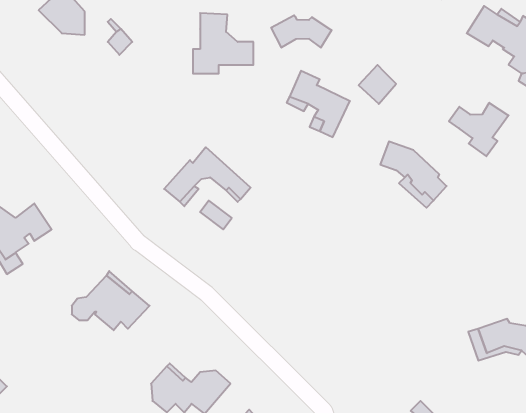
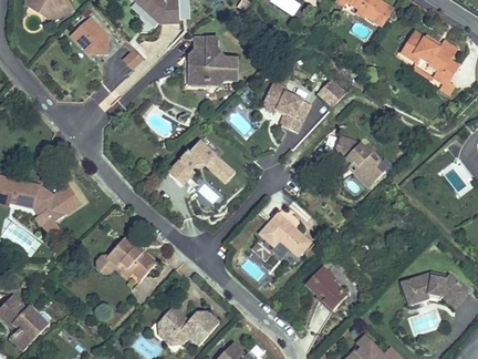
building: [271,15,332,48] -> none
building: [449,103,509,156] -> none
building: none -> [250,213,310,260]
building: none -> [304,266,346,309]

